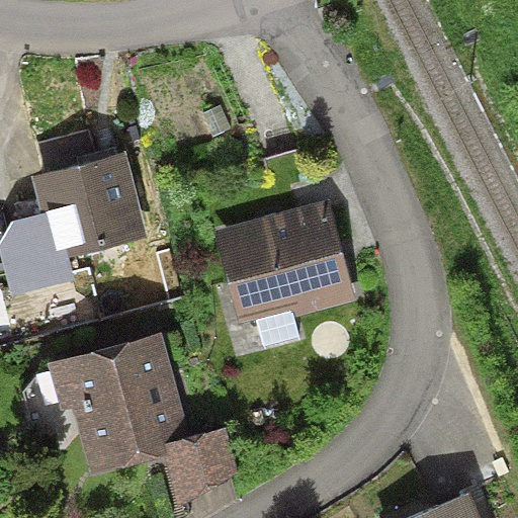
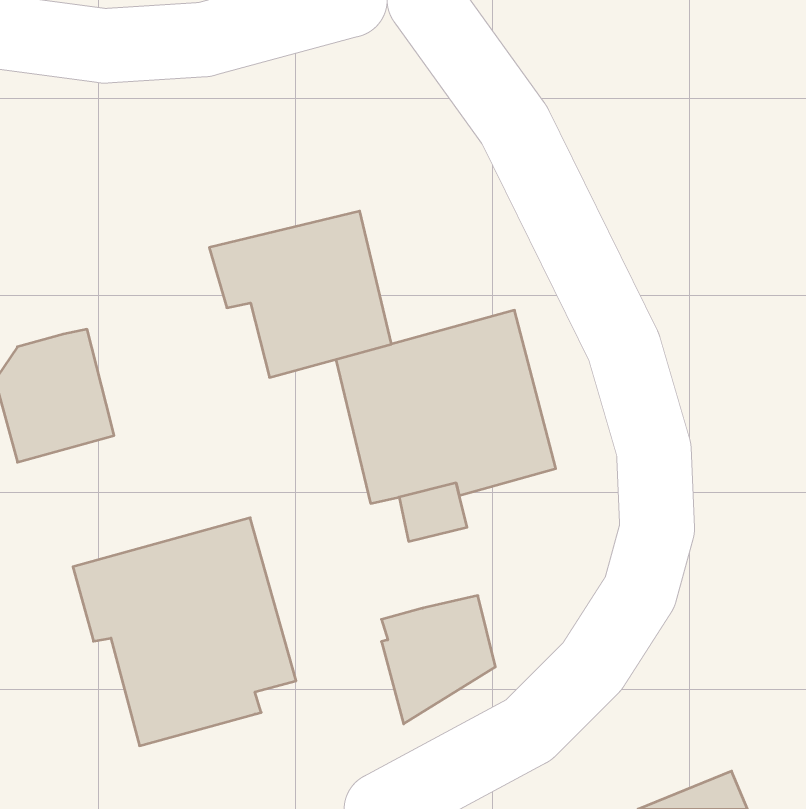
building: [29,152,146,258] -> [209,211,391,377]
building: [163,427,236,509] -> [381,596,495,724]

